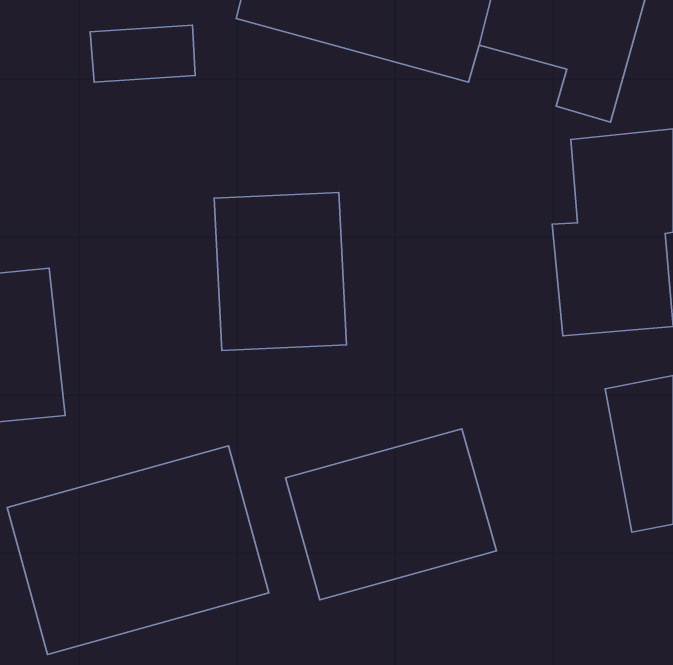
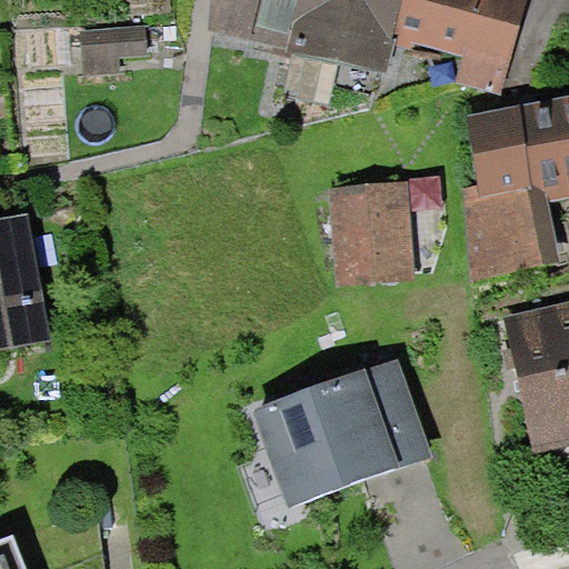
building: [214,192,346,351] -> none
building: none -> [335,187,413,278]
building: [7,446,269,654] -> none

